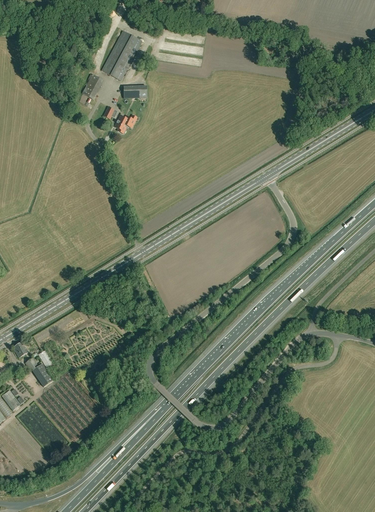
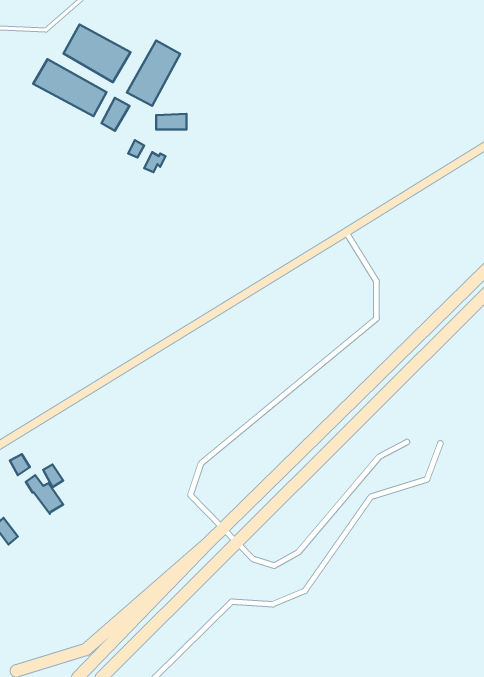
building: none -> [63,24,130,82]
building: none -> [33,59,106,116]

